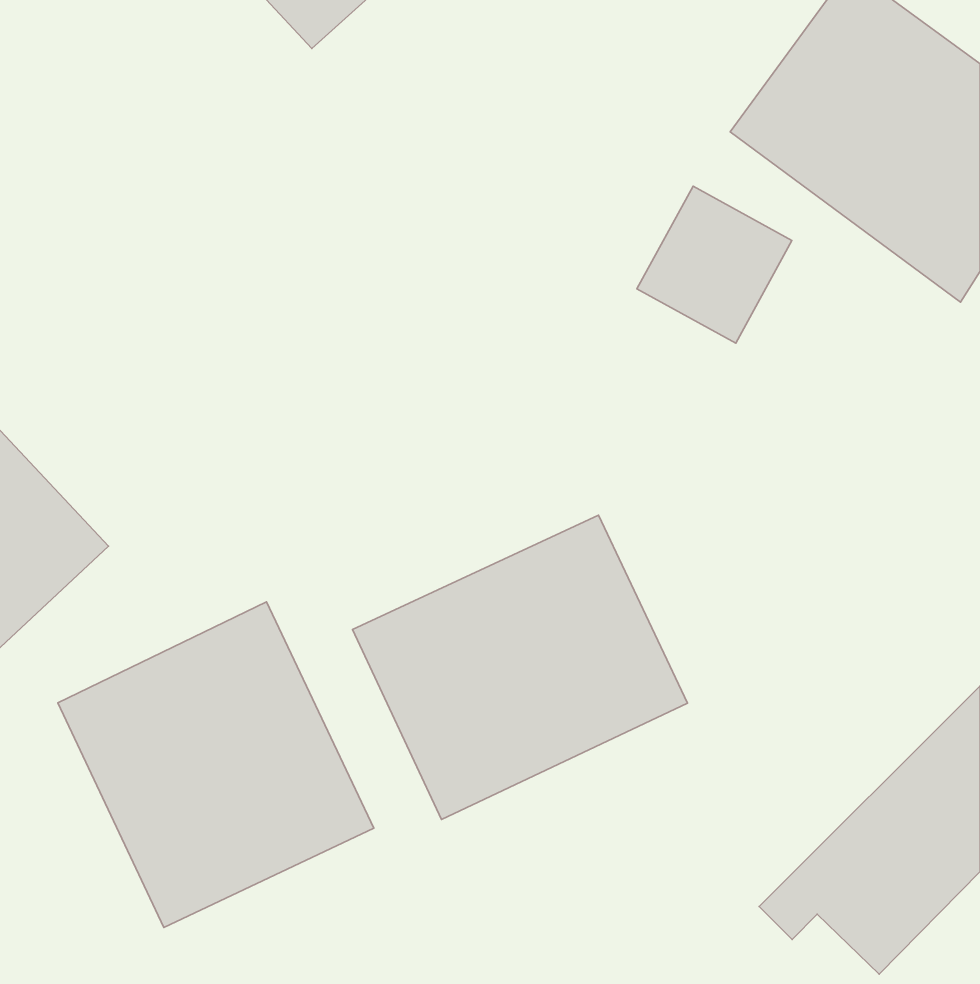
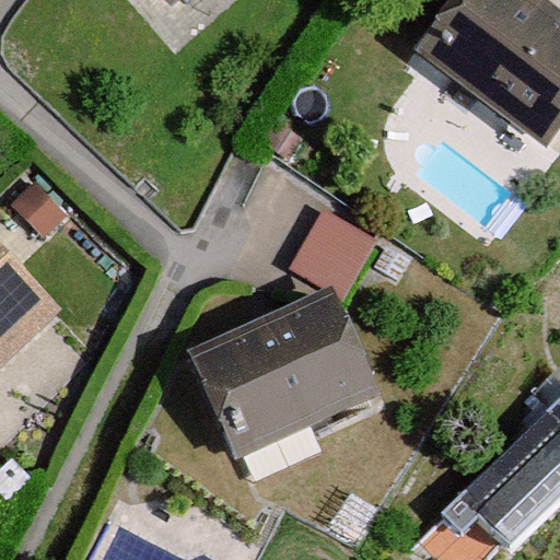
building: [637,186,792,343] -> [290,205,377,293]
building: [58,602,374,927] -> none

